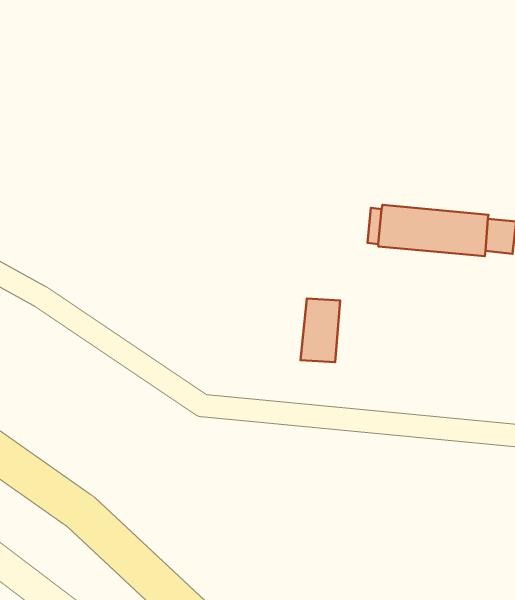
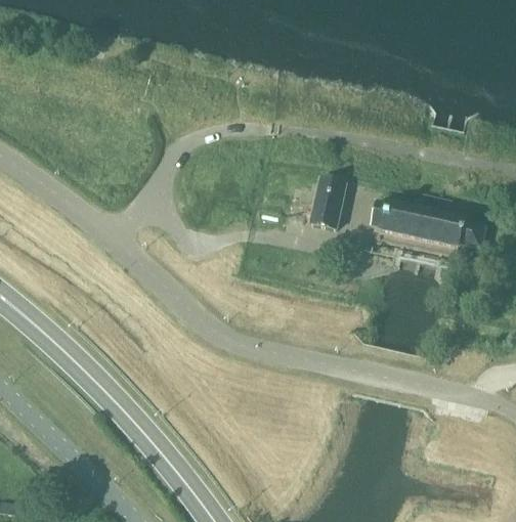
building: [300,298,340,362] -> [309,174,346,226]

